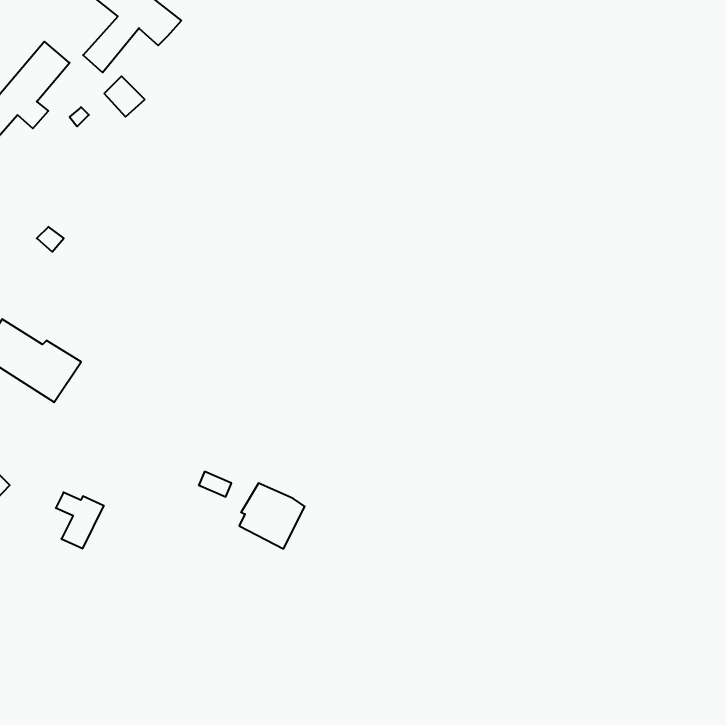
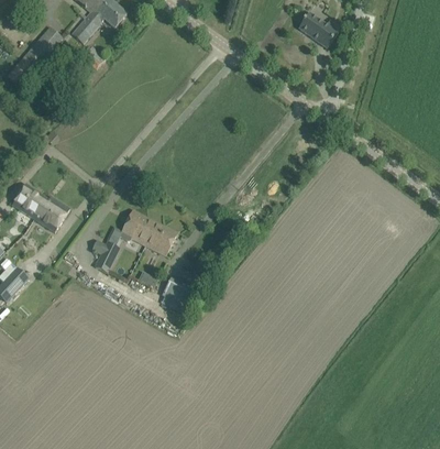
building: none -> [299,12,341,48]
building: none -> [120,209,177,255]
building: [56,492,104,548] -> [92,240,120,272]

